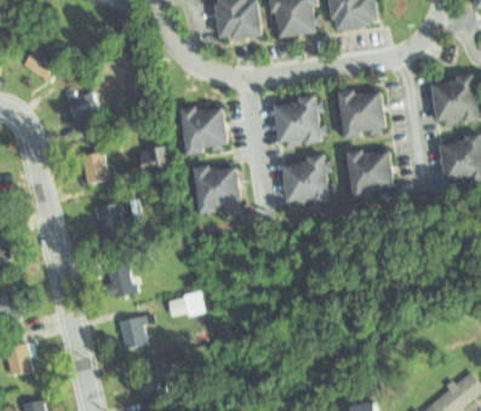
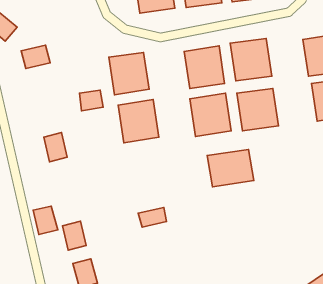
building: [79,152,110,188] -> none
building: none -> [207,149,254,187]
building: [104,262,136,298] -> [33,206,58,235]
building: [166,292,202,318] -> [138,208,167,227]

